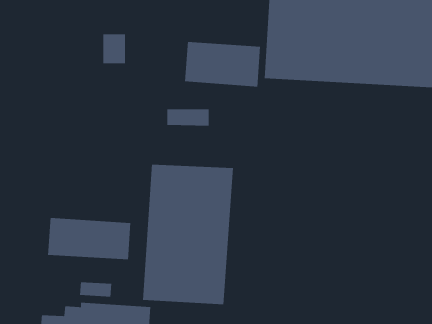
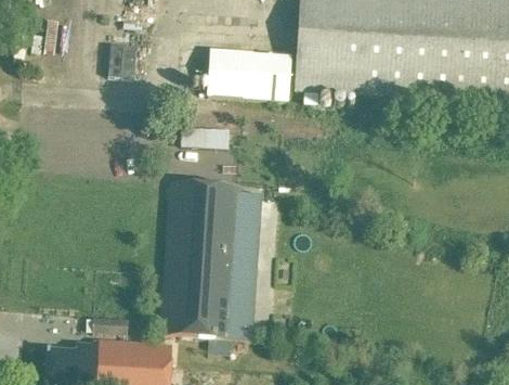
building: [48,217,131,260] -> none

